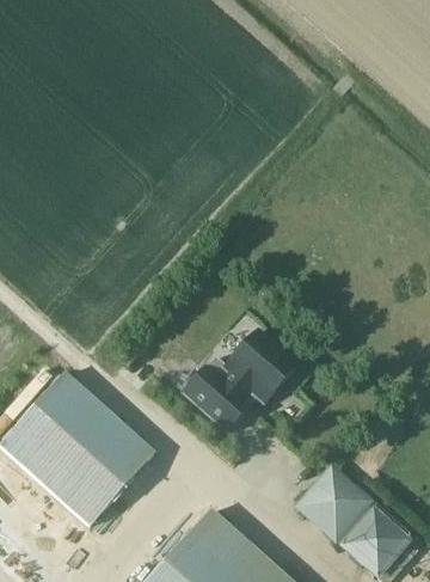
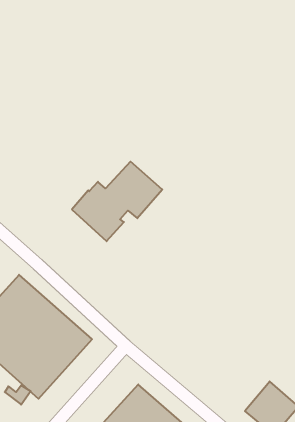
building: [183,331,295,430] -> [72,162,162,241]
building: [299,467,366,534] -> none

